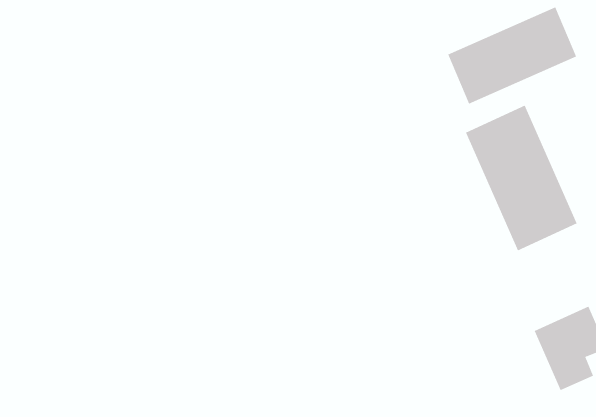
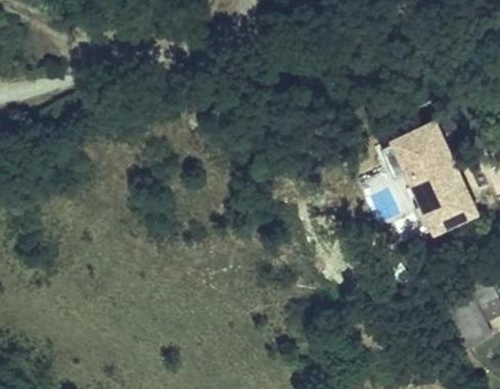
building: [448,6,577,105] -> none

